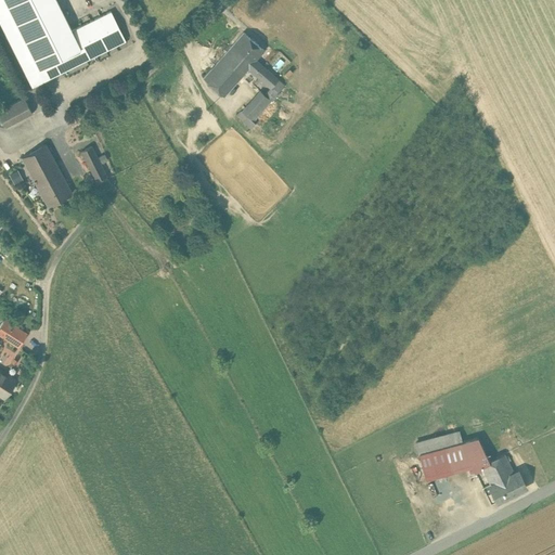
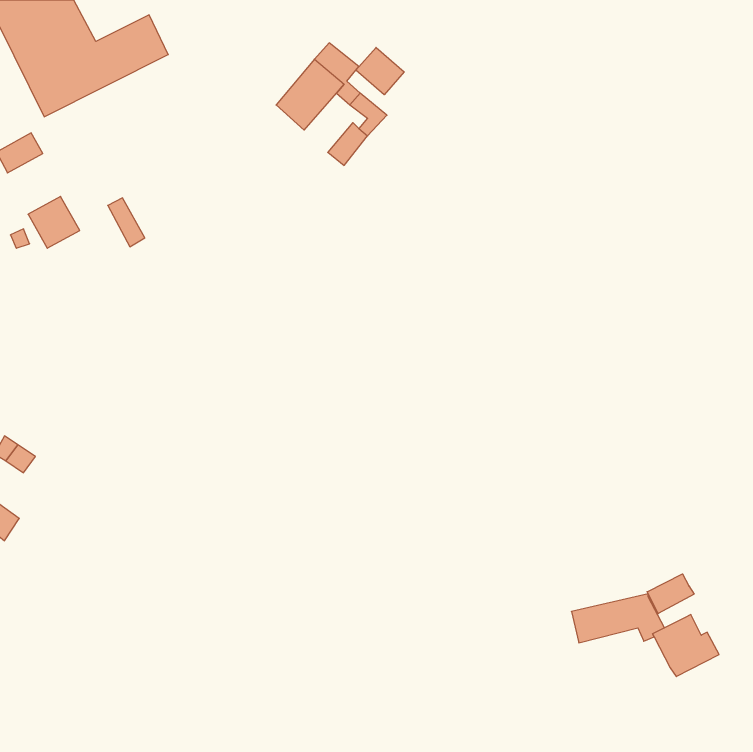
building: none -> [356,47,404,95]
building: [35,171,72,207] -> none
building: none -> [647,574,694,614]

